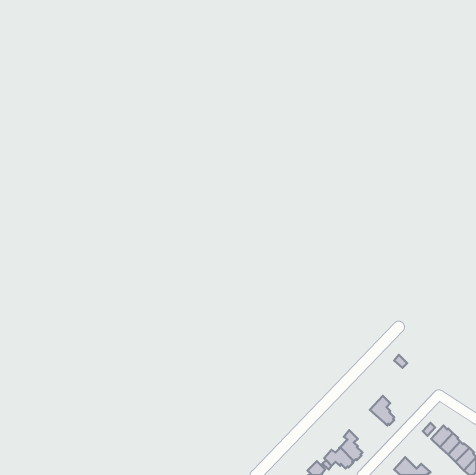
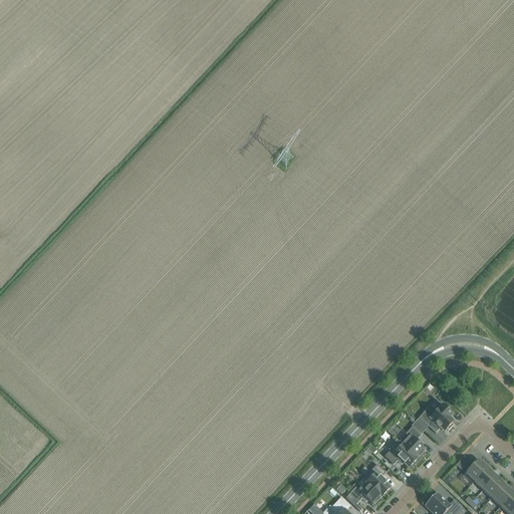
building: none -> [415,405,454,433]
building: none -> [384,442,418,468]

